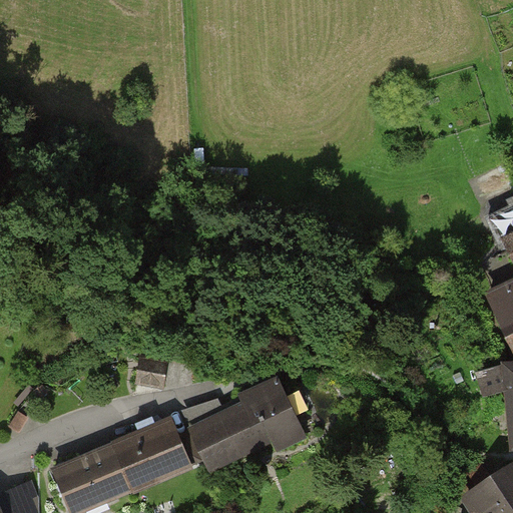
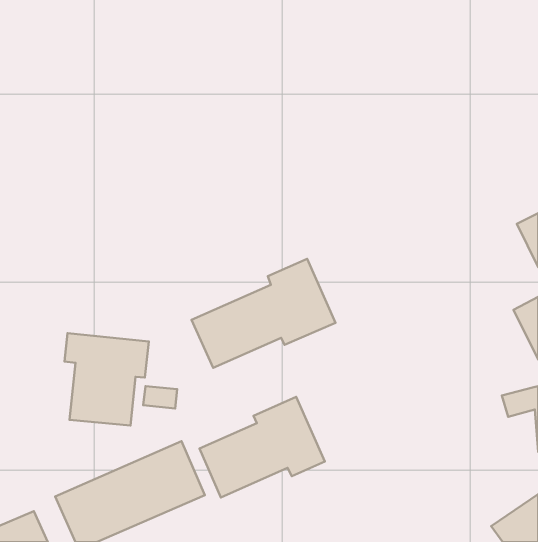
building: none -> [191,259,335,368]
building: none -> [65,333,149,426]

